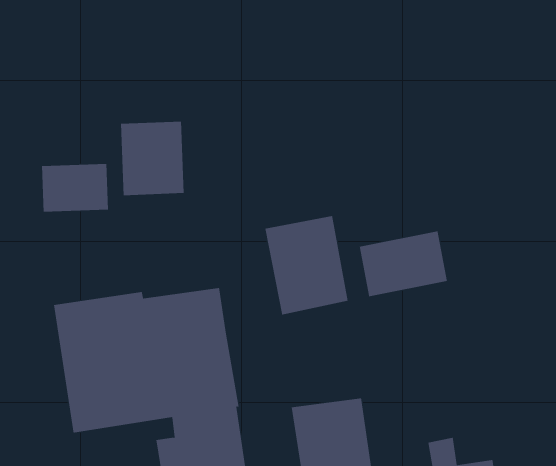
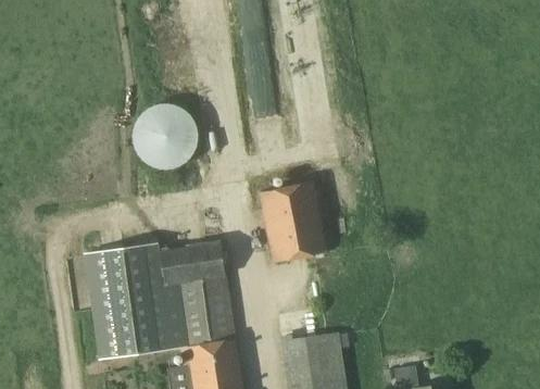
building: [42,163,108,212] -> none
building: [359,231,448,297] -> none

